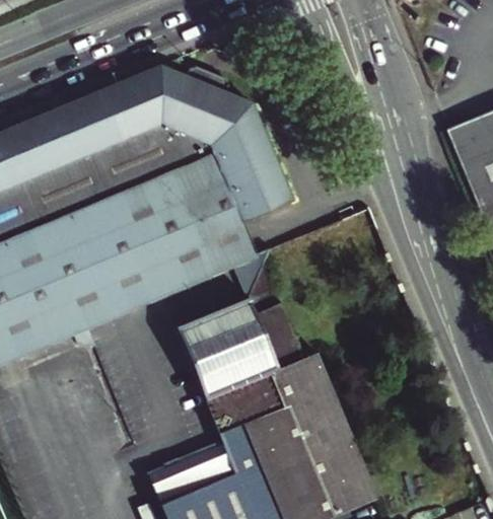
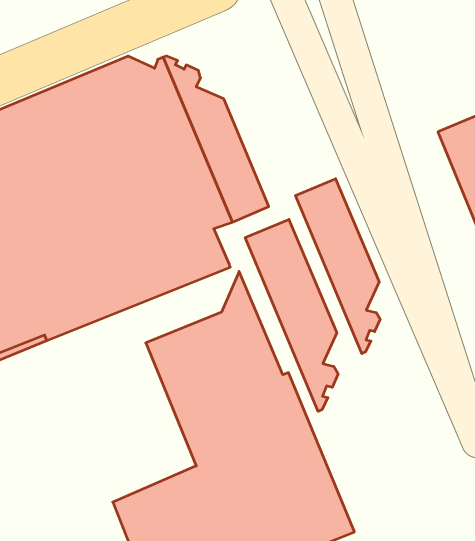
building: none -> [296,179,380,354]
building: none -> [245,219,338,411]

